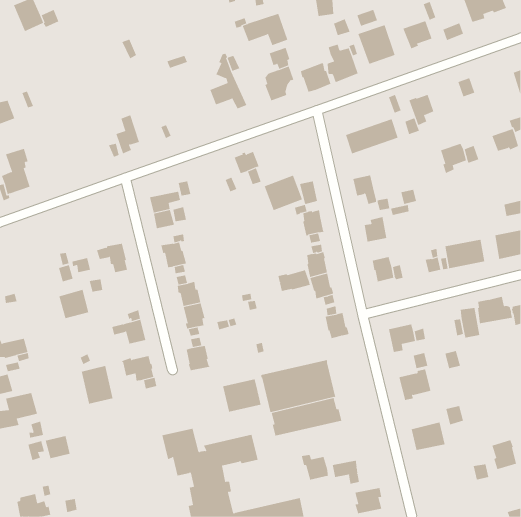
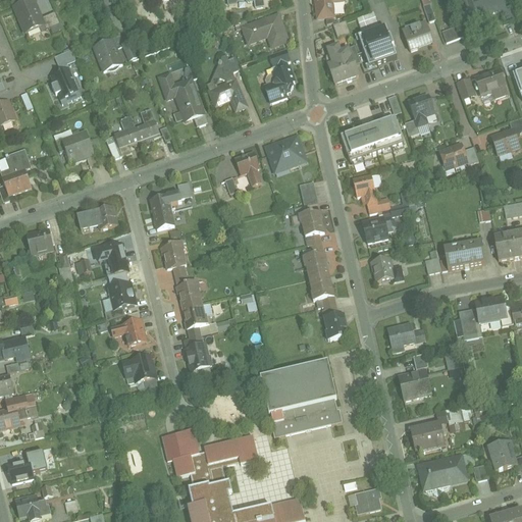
building: none -> [94,38,122,70]
building: [300,62,331,92] -> none
building: none -> [51,67,79,99]
building: none -> [474,67,505,96]
building: none -> [159,72,206,125]
building: none -> [135,107,160,147]
building: none -> [55,128,97,165]
building: [264,175,303,211] -> [266,135,305,170]
building: none -> [77,205,117,228]
building: none -> [27,228,53,253]
building: [278,270,310,293] -> none
building: [59,289,89,319] -> [107,280,138,310]
building: [81,365,113,405] -> none
building: [223,379,261,413] -> none
building: [45,435,70,459] -> [7,459,33,482]
building: [301,454,329,481] -> none
building: none -> [418,455,466,494]
building: [332,460,359,484] -> none

